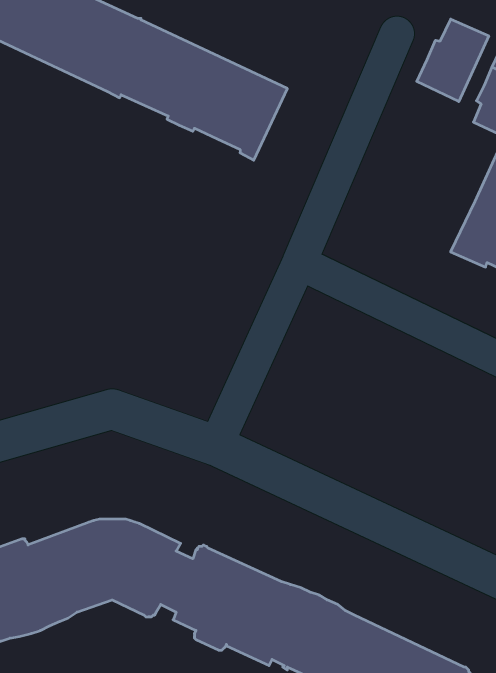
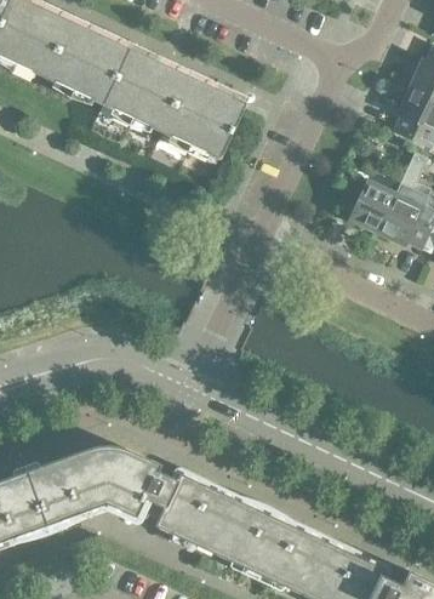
building: [417,19,489,102] -> none
building: none -> [337,173,396,234]

